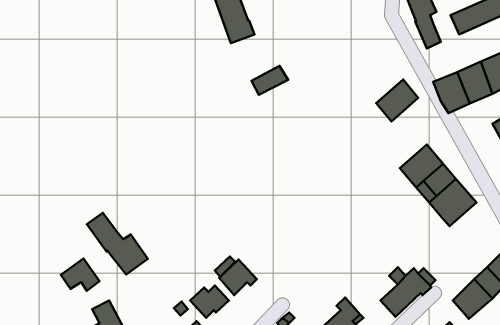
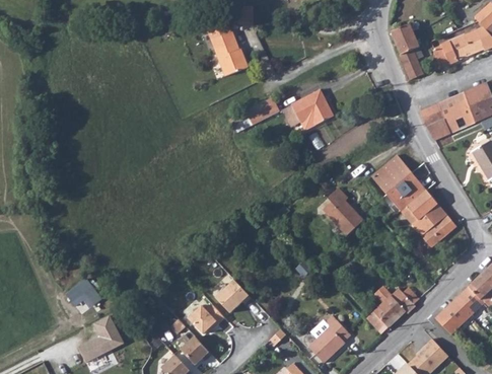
building: none -> [291,89,333,130]
building: [376,79,418,122] -> [370,153,410,193]
building: none -> [321,186,361,235]
building: [87,213,148,275] -> none

